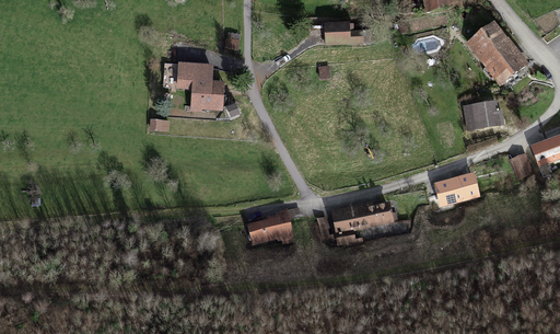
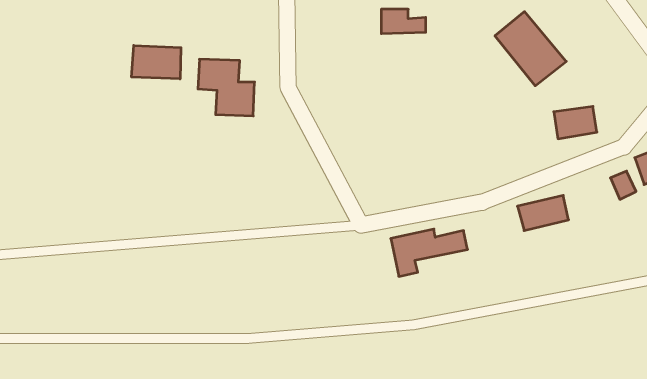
building: [469,23,527,83] -> [495,12,566,86]
building: none -> [132,45,181,79]
building: [249,208,292,241] -> none

